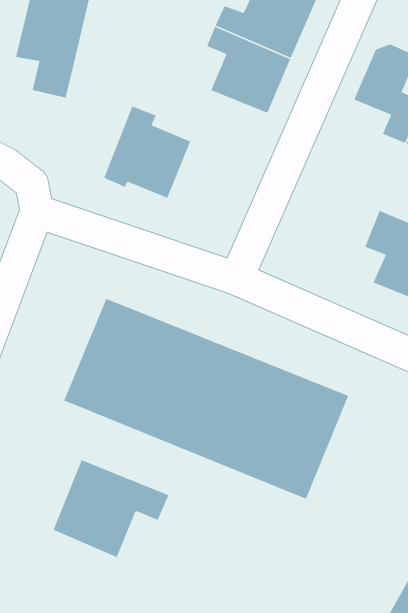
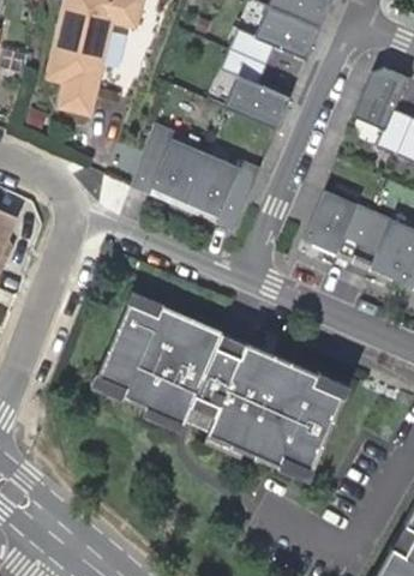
building: none -> [186,155,259,230]
building: none -> [299,194,371,263]
building: [52,459,169,558] -> none

